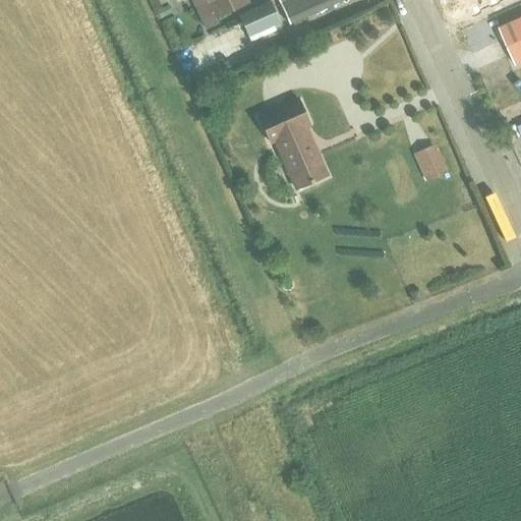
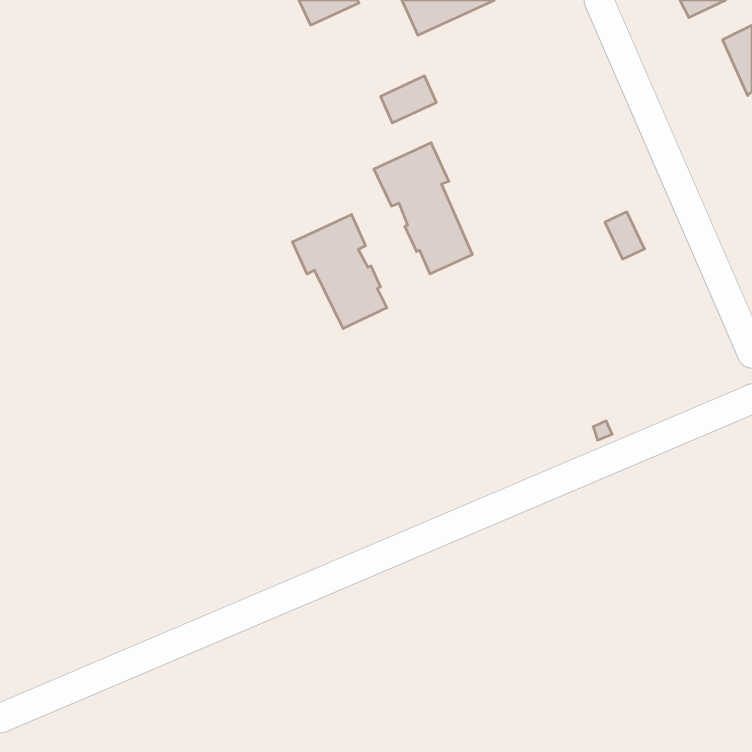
building: [241,4,280,37] -> [381,76,436,123]
building: none -> [292,214,387,329]

